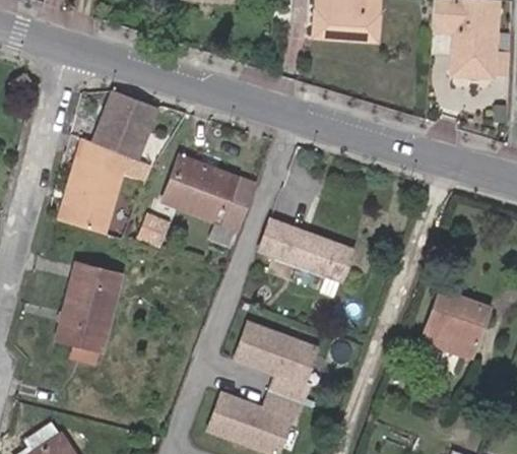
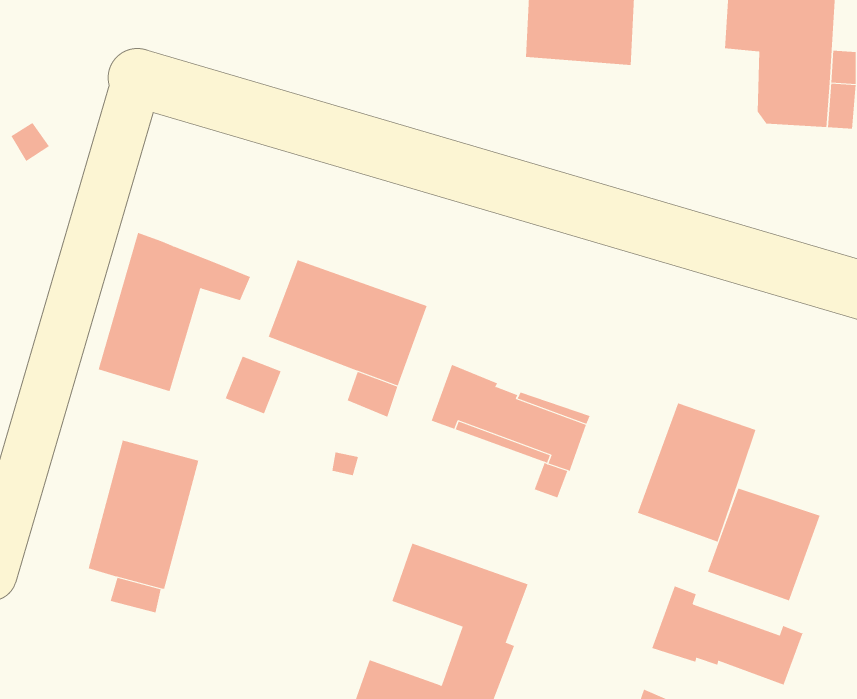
building: [91,89,154,158] -> none
building: none -> [637,402,756,542]
building: none -> [651,586,804,685]

